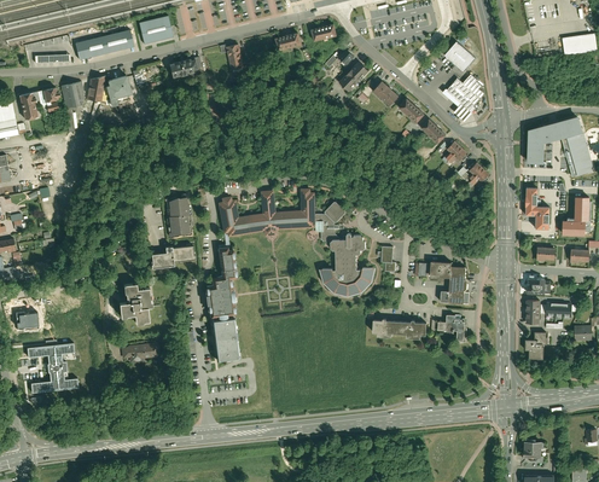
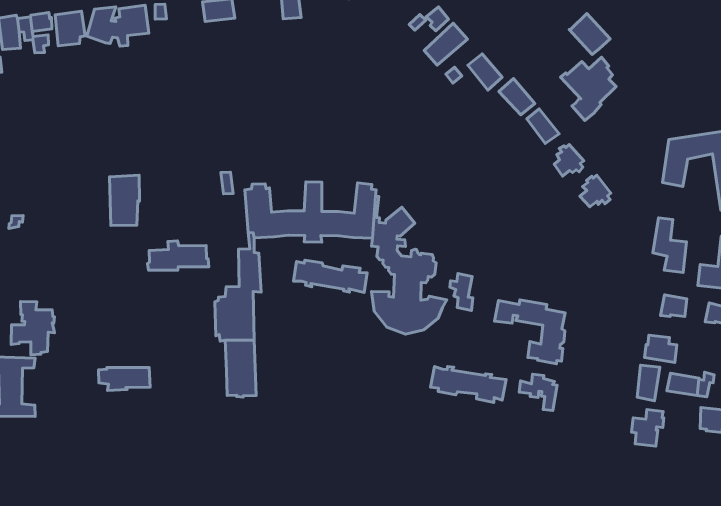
building: [164,196,188,236] -> [110,175,139,226]
building: none -> [294,260,367,292]
building: [120,285,152,325] -> [11,302,55,355]

